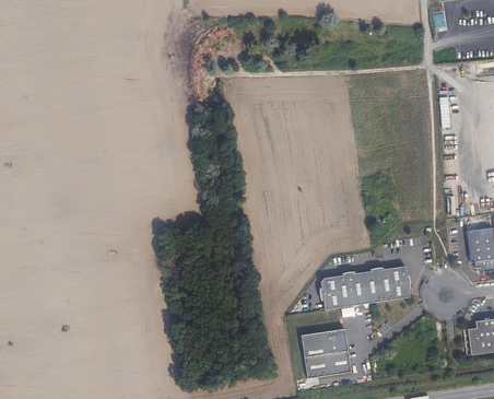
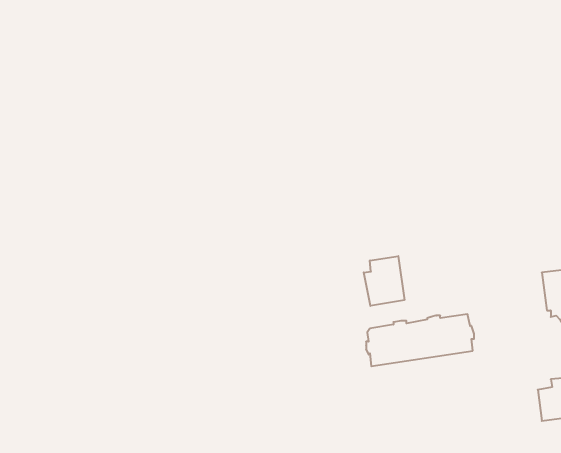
building: none -> [364,256,404,306]
building: [302,327,351,377] -> none

